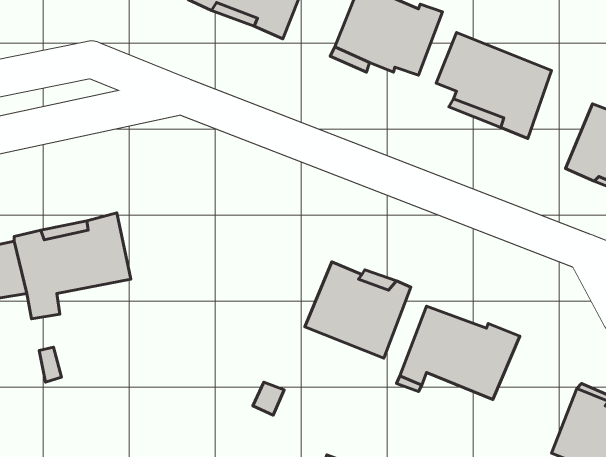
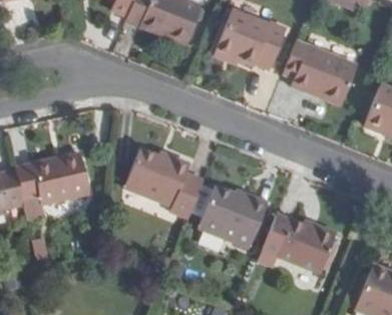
building: none -> [126,147,205,217]

